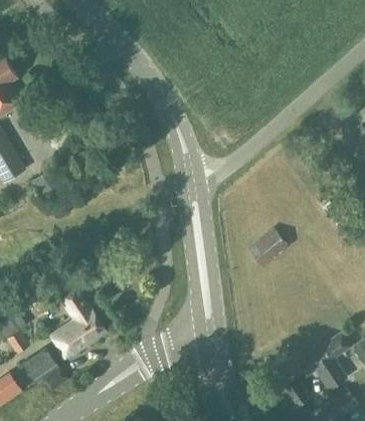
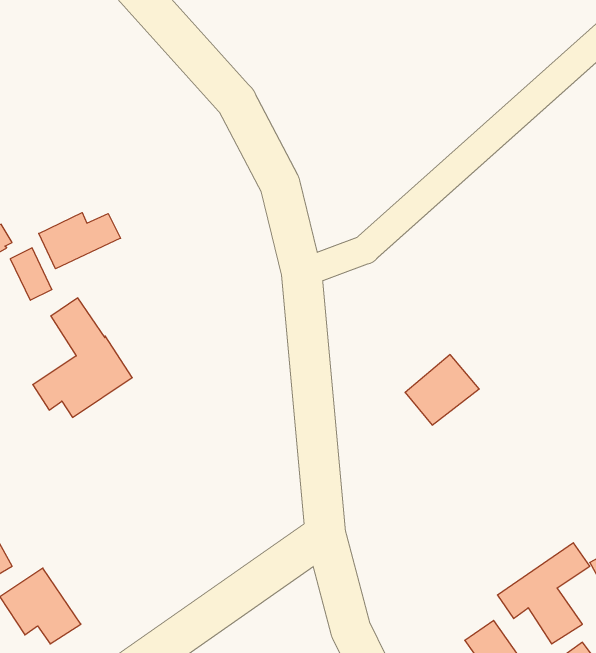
building: none -> [39,213,121,269]
building: [50,288,106,355] -> [33,298,132,417]

